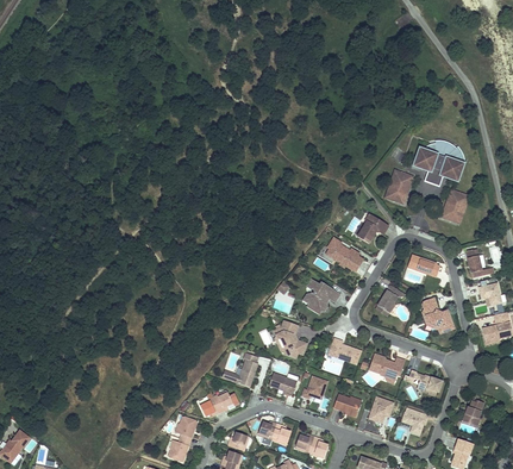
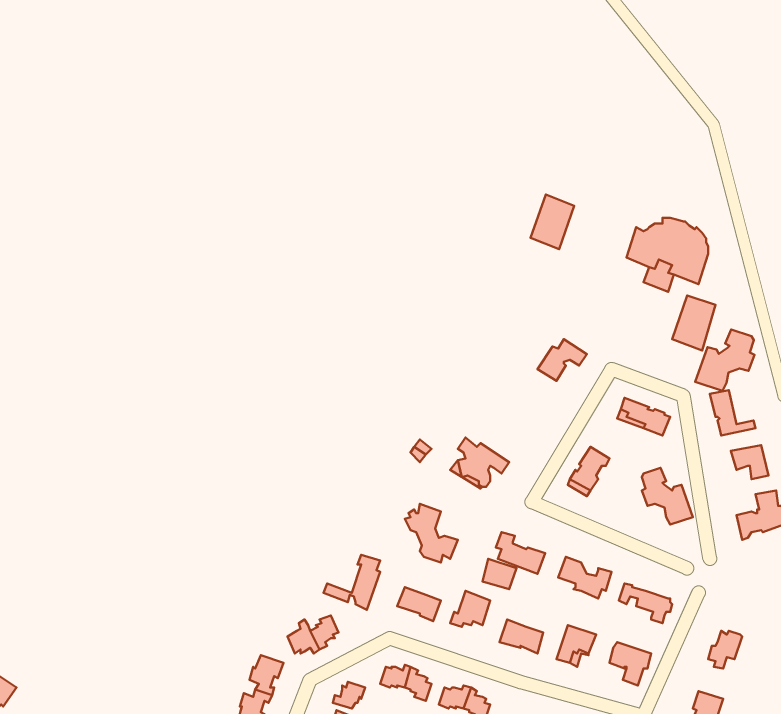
building: [386,169,413,204] -> [531,194,574,249]
building: none -> [695,329,755,391]
building: [326,238,363,271] -> none

